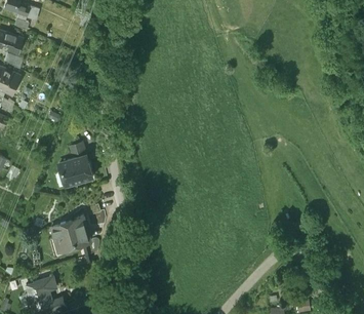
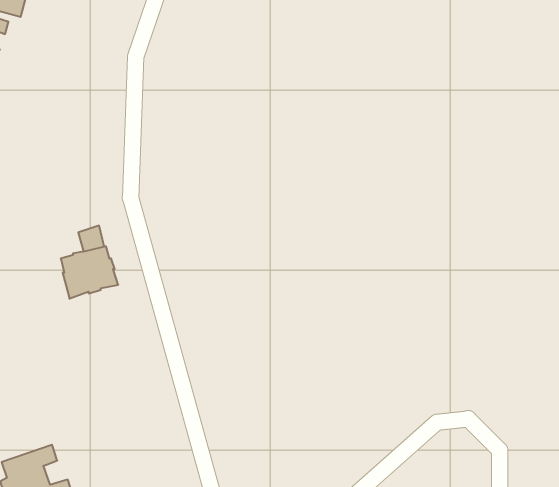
building: [62,217,92,246] -> none

